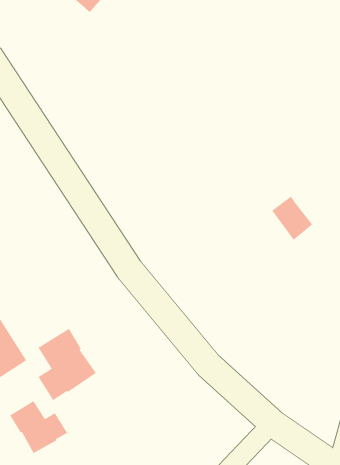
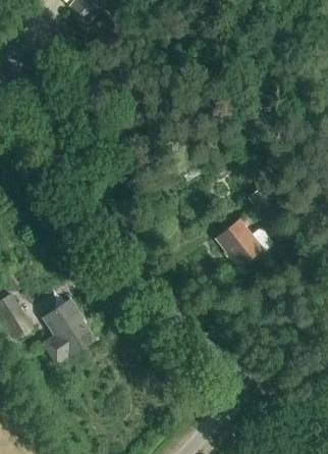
building: none -> [215,220,273,267]
building: [9,400,68,454] -> none

